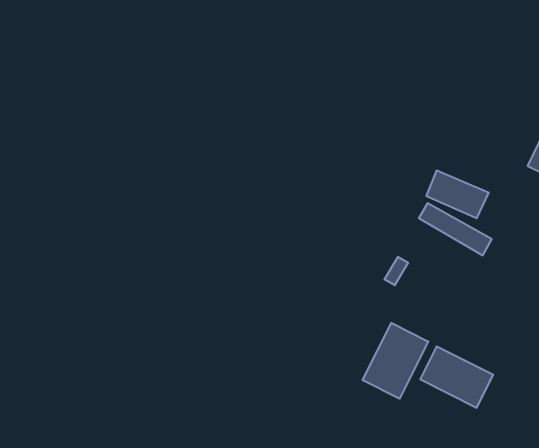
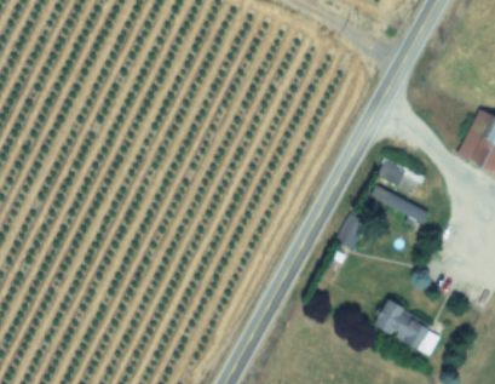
building: [363,323,428,399] -> none

